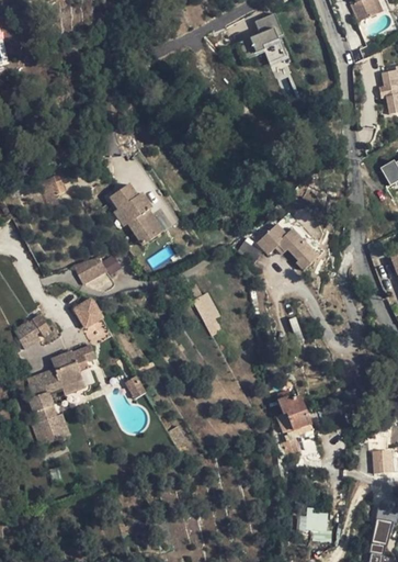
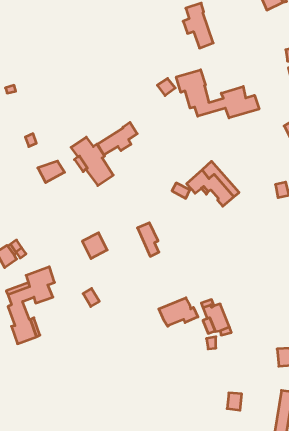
building: none -> [176,70,259,118]
building: none -> [98,122,137,155]
building: [73,257,107,284] -> [38,161,65,183]
building: [73,295,105,328] -> [82,233,107,259]
building: none -> [159,298,198,326]

